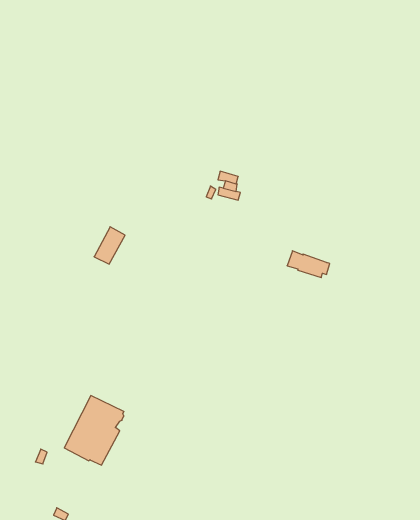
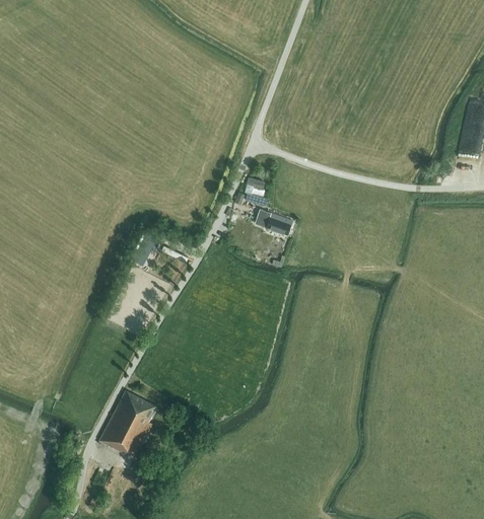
building: [287,251,330,278] -> [255,210,295,235]

